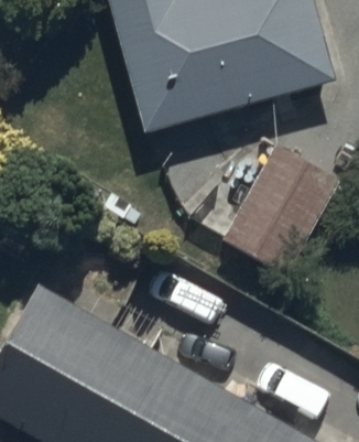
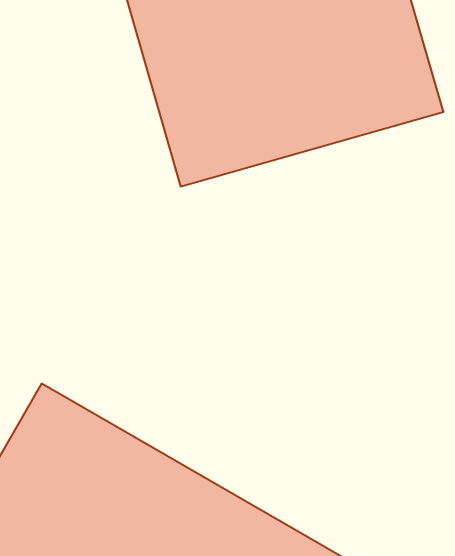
building: [225,147,340,278] -> none

